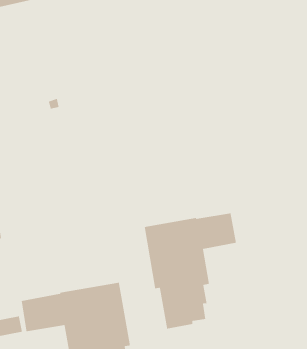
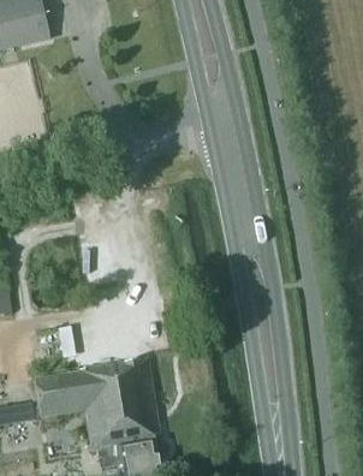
building: [144,213,237,329] -> none

